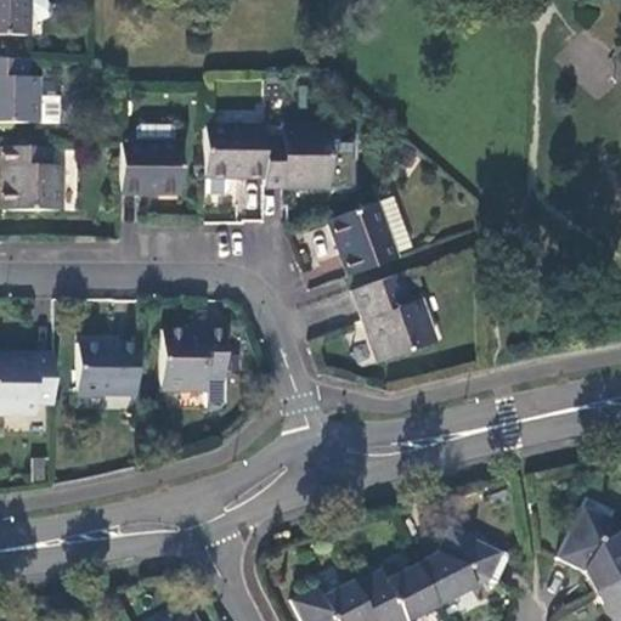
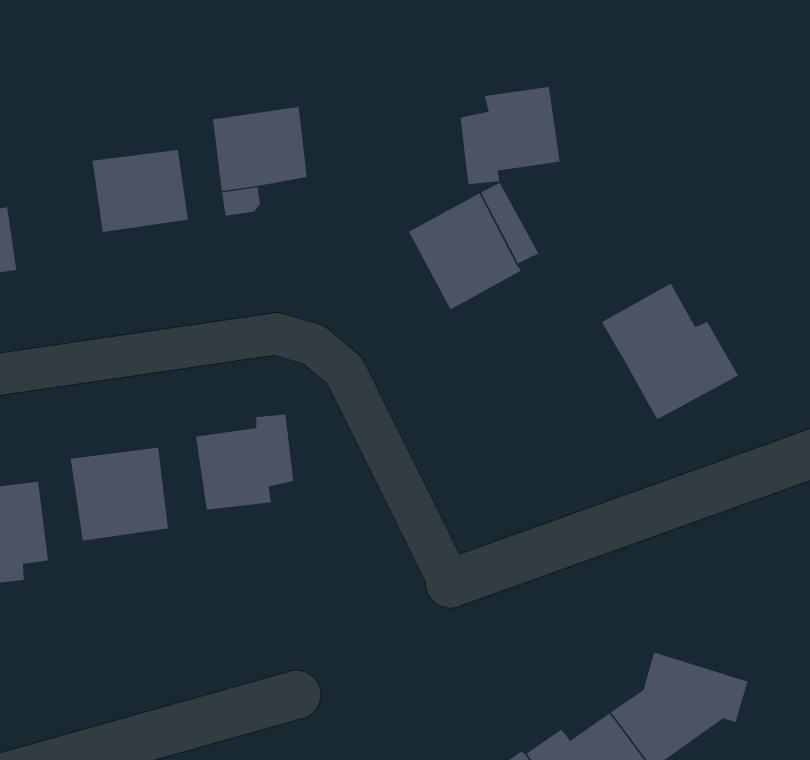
building: [265,126,329,186] -> [460,86,560,185]
building: [349,272,436,363] -> [601,283,739,420]

